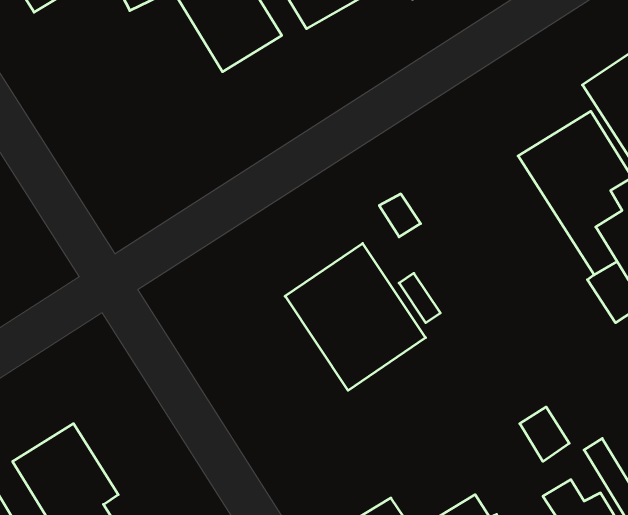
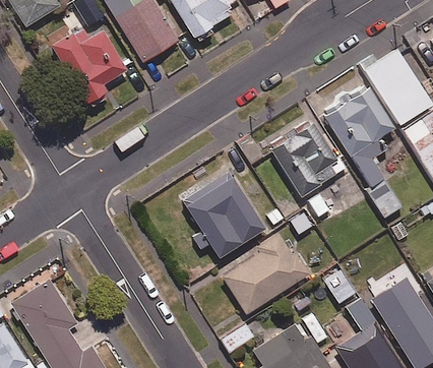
building: none -> [50,28,127,105]
building: none -> [271,122,344,196]
building: none -> [223,233,309,313]

